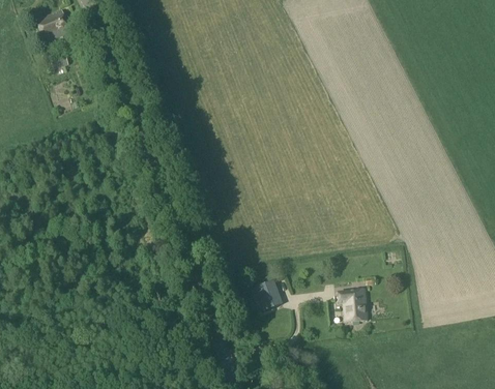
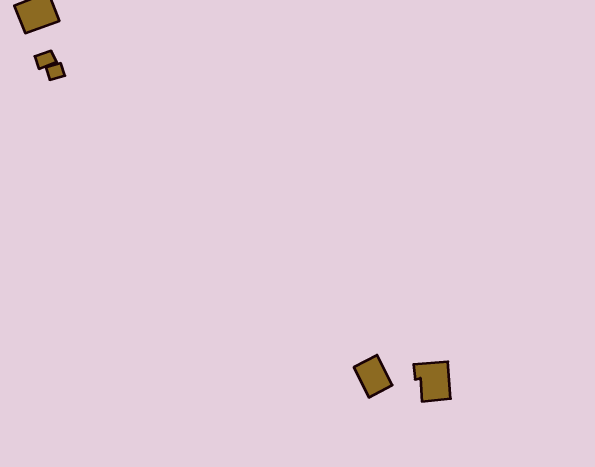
building: [257,278,286,310] -> [354,355,392,397]

